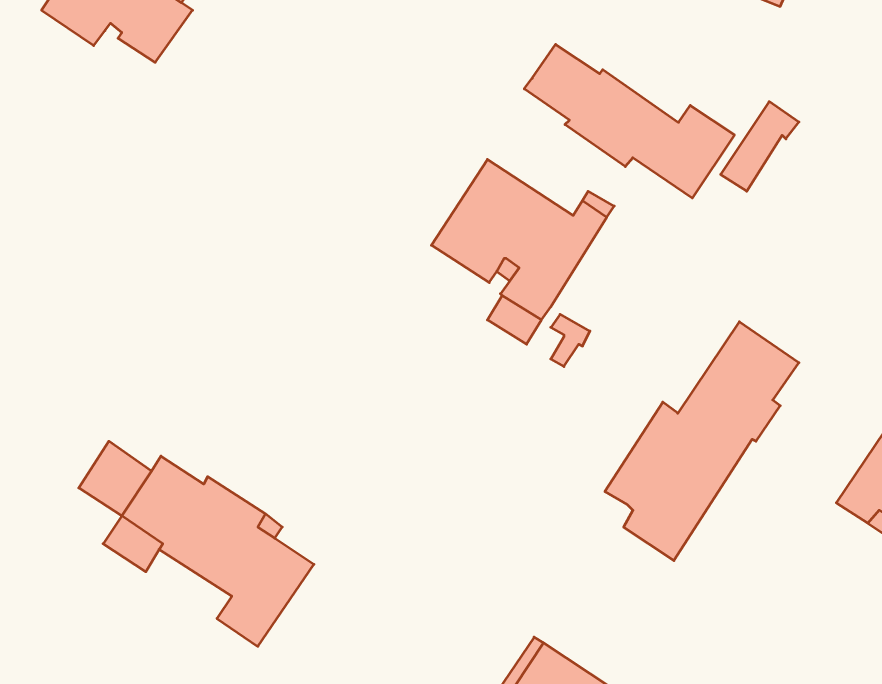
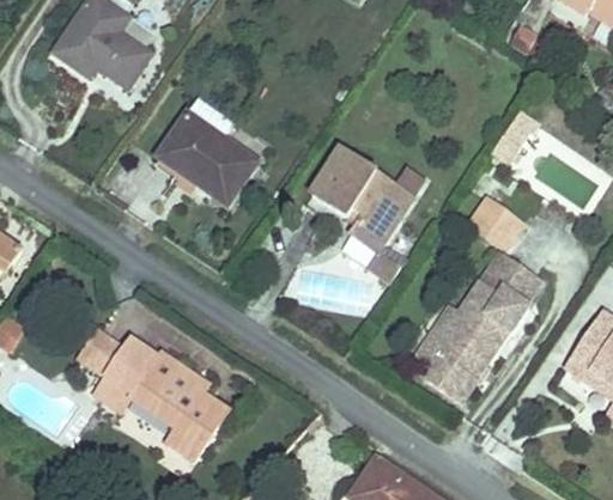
building: [524,44,734,198] -> none
building: none -> [160,98,257,203]
building: none -> [469,196,522,248]

